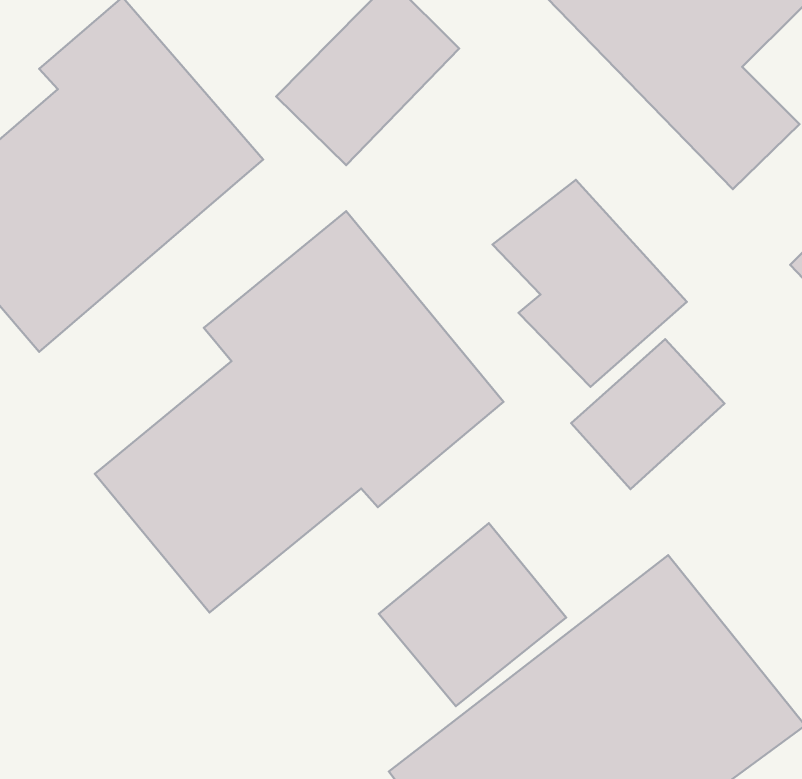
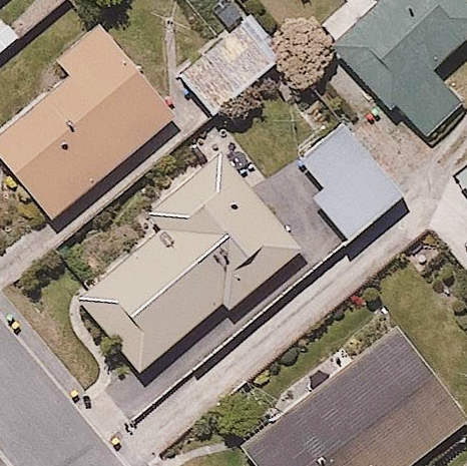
building: [571,339,725,489] -> none
building: [379,523,566,706] -> none

